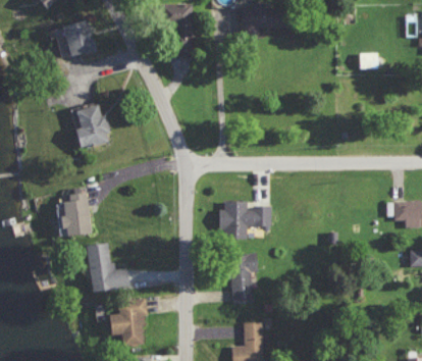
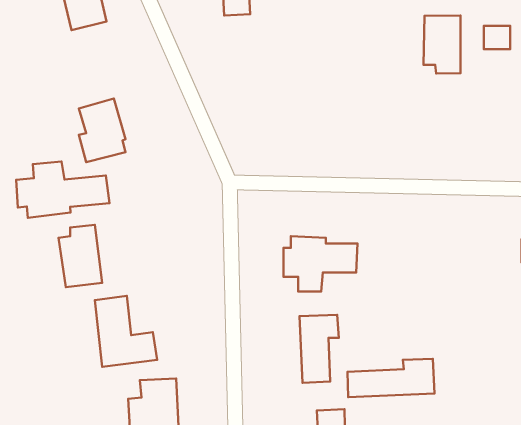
building: none -> [424,16,461,73]
building: none -> [16,162,109,218]
building: none -> [347,359,435,397]

